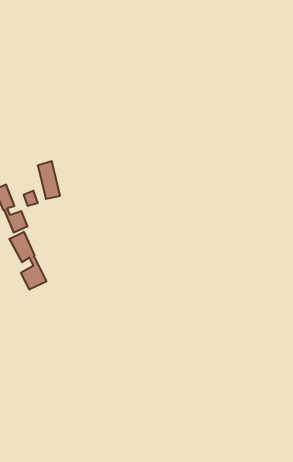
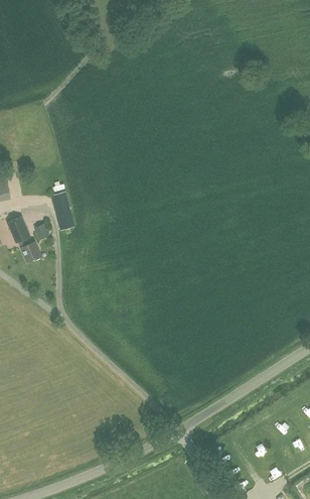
building: [9,232,46,290] -> none

